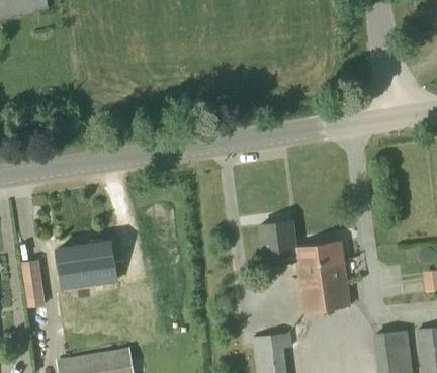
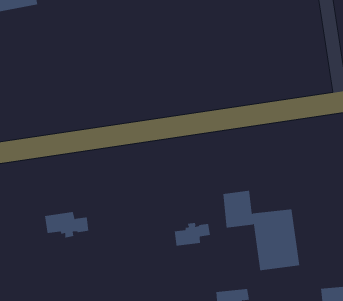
building: none -> [174,222,211,247]
building: [21,261,43,309] -> none

